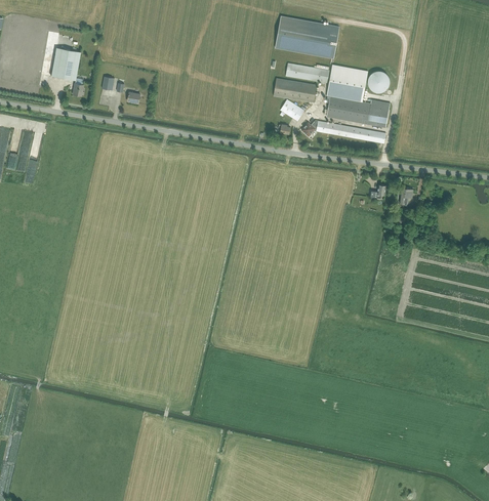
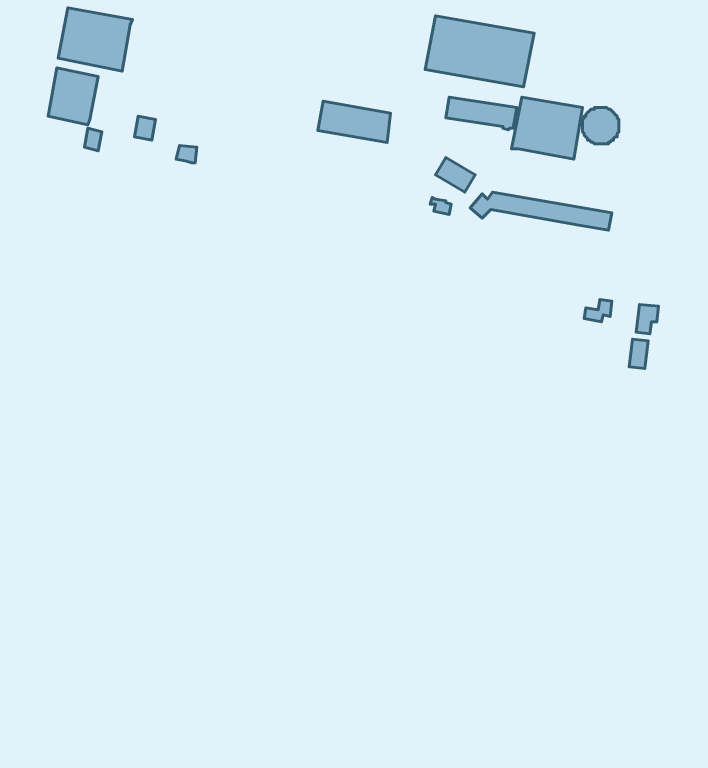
building: none -> [58,8,133,71]
building: [273,78,316,102] -> [318,101,390,143]
building: [326,95,391,128] -> none

